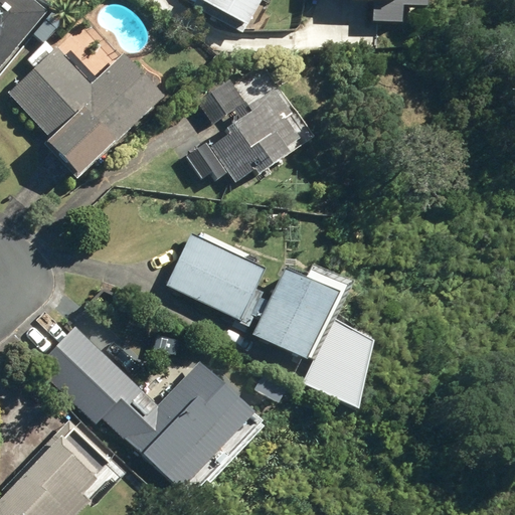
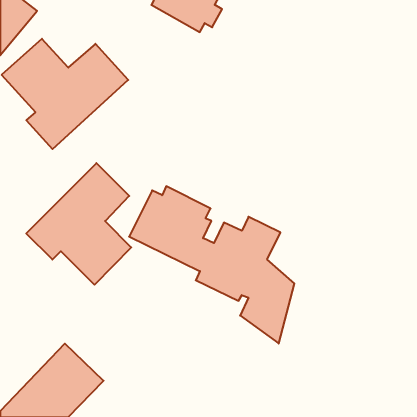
building: [182,78,296,186] -> none
building: none -> [26,163,131,285]
building: [44,322,264,479] -> none

